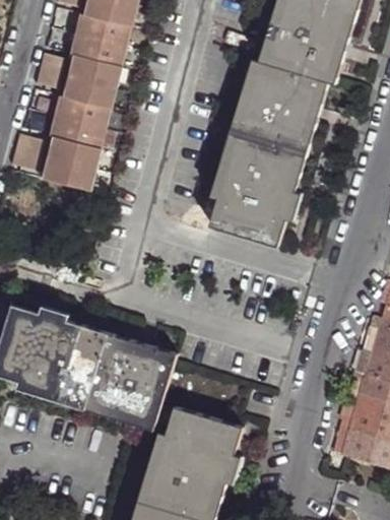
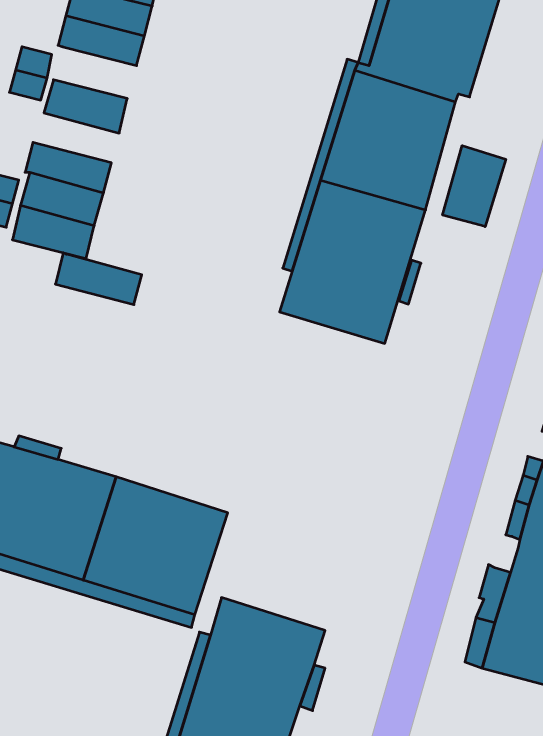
building: [67,53,121,86] -> none
building: [54,94,110,128] -> [55,253,142,305]
building: none -> [443,146,506,227]

